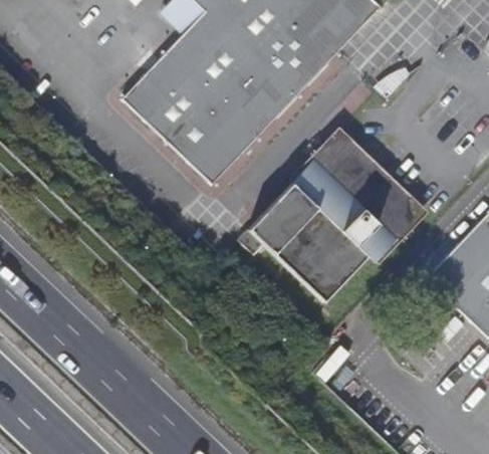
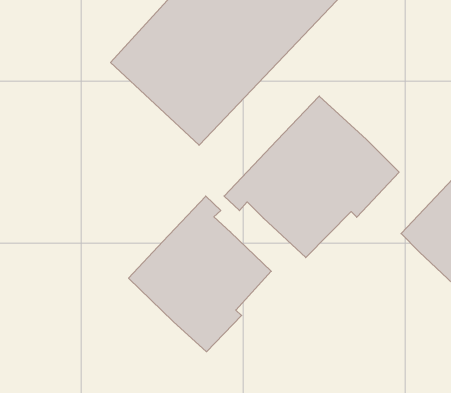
building: none -> [129,196,271,352]

